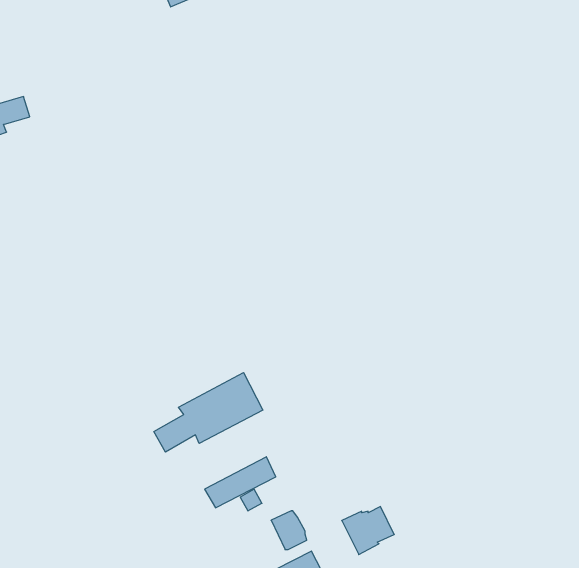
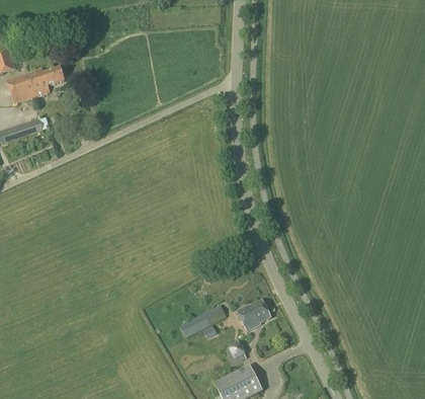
building: [154,373,263,452] -> none
building: [342,507,394,555] -> [235,299,269,330]

